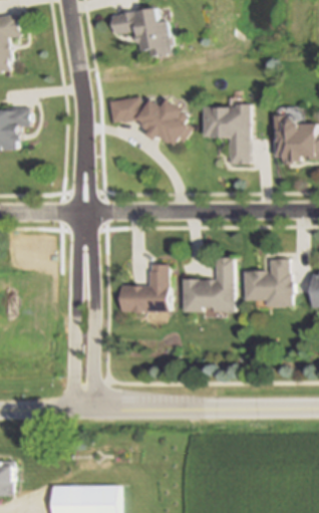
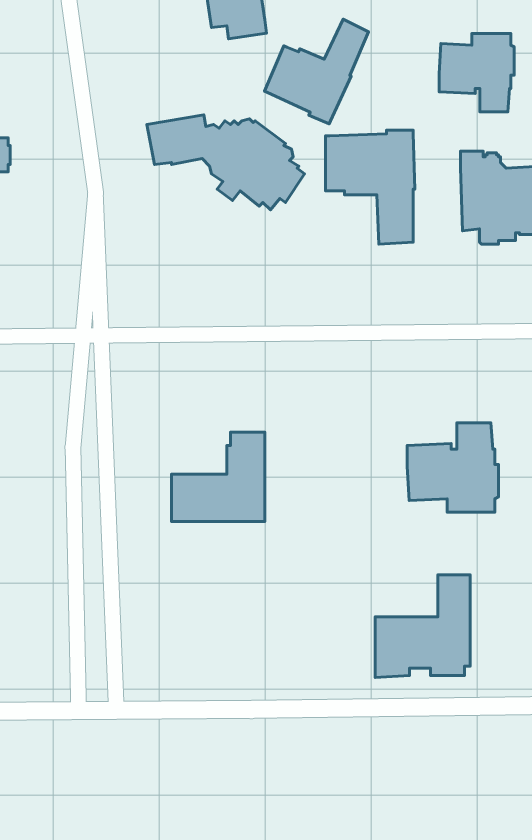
building: none -> [265,19,368,124]
building: none -> [439,34,514,112]
building: [183,258,233,312] -> [375,575,470,678]

